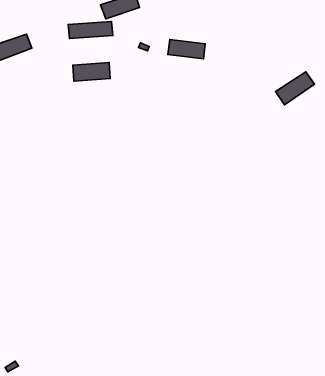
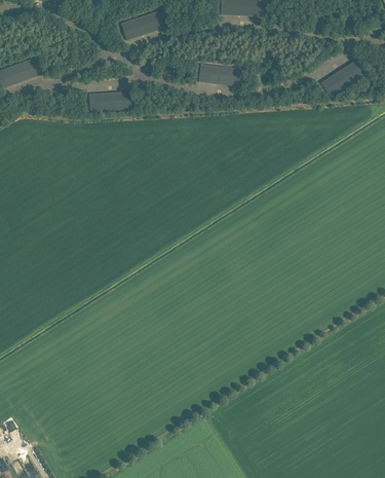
building: [68,21,113,39] -> none
building: [276,72,315,105] -> [320,60,365,98]

